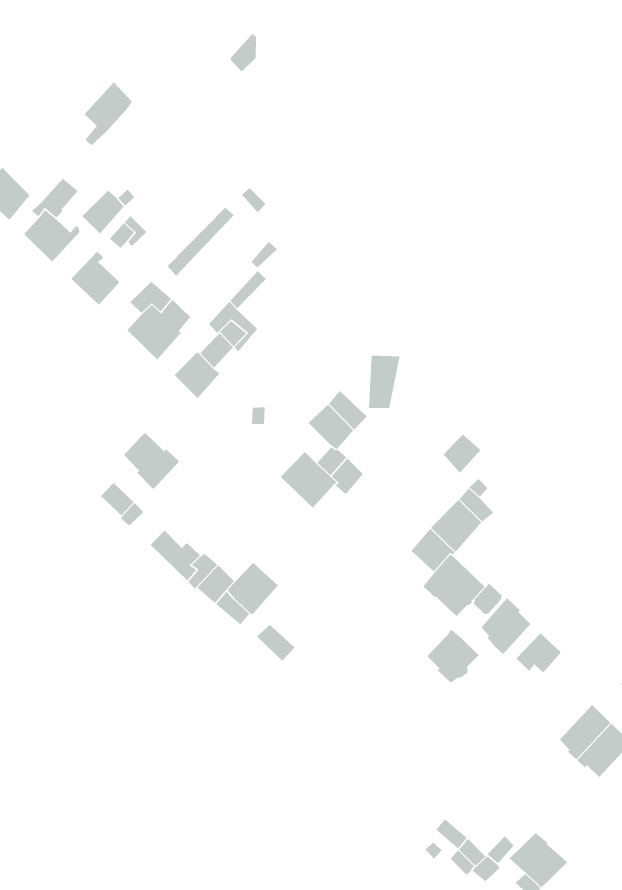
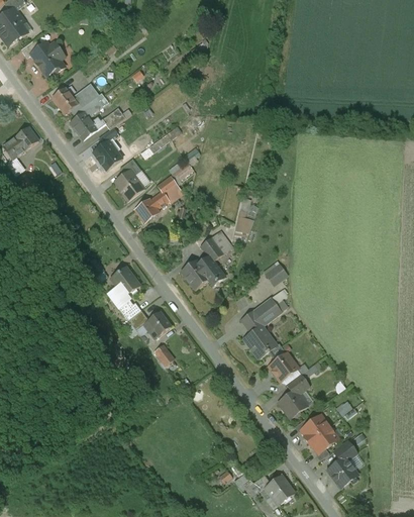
building: [84,81,133,146] -> [71,82,99,113]
building: [120,430,180,490] -> [110,266,140,297]
building: [427,628,479,684] -> [280,389,307,417]

